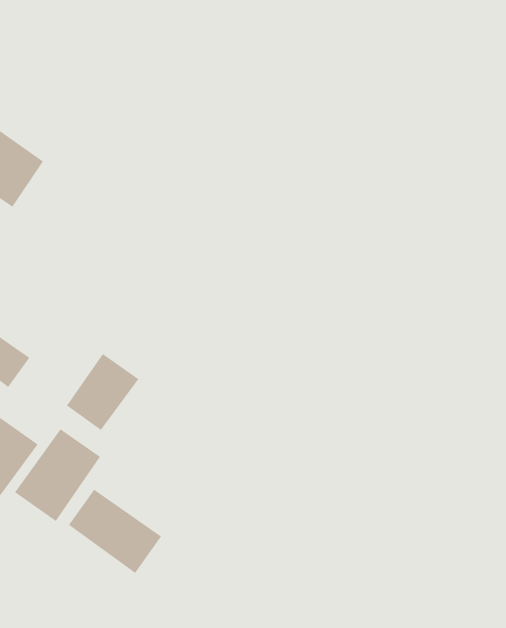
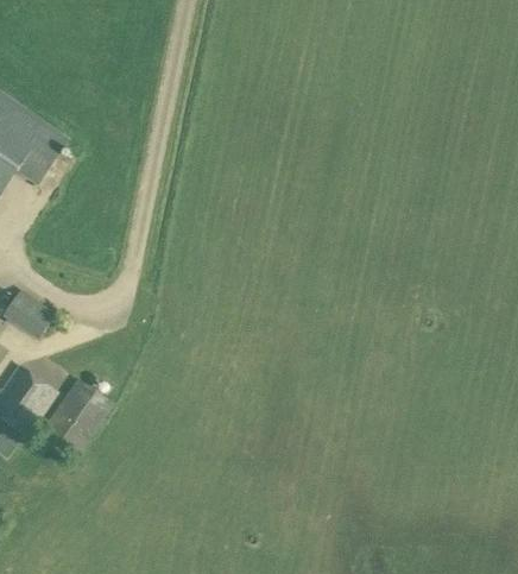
building: [66,353,139,431] -> none
building: [68,489,162,574] -> none

